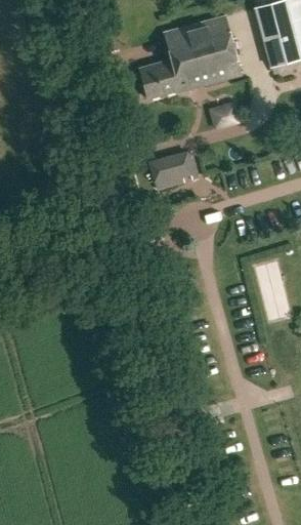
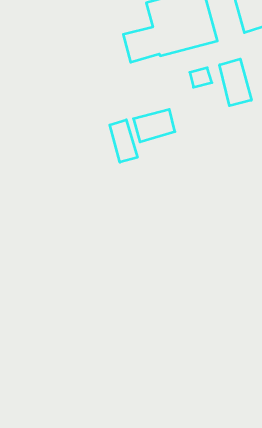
building: none -> [220,59,251,106]
building: none -> [110,120,137,162]

